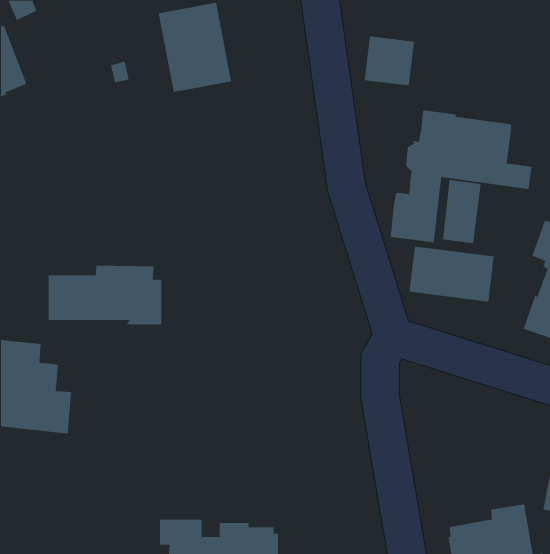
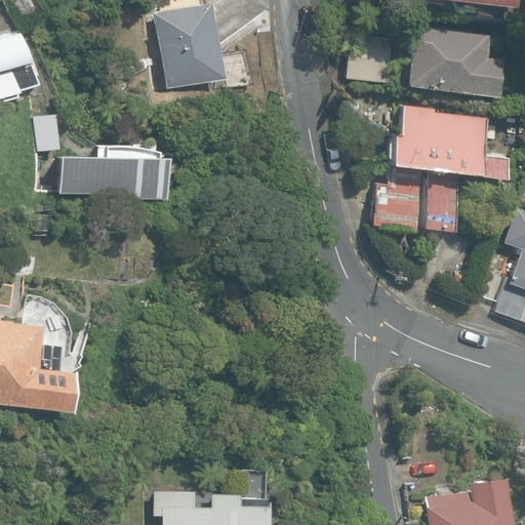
building: none -> [409,27,504,97]
building: [409,246,494,302] -> none
building: [48,265,162,325] -> [59,143,167,199]

